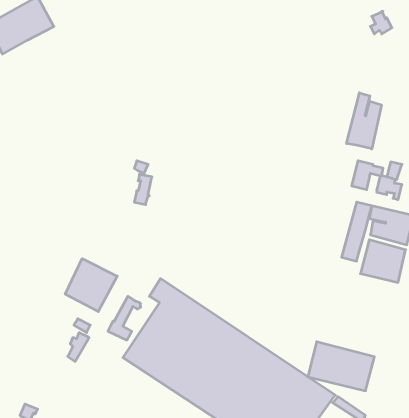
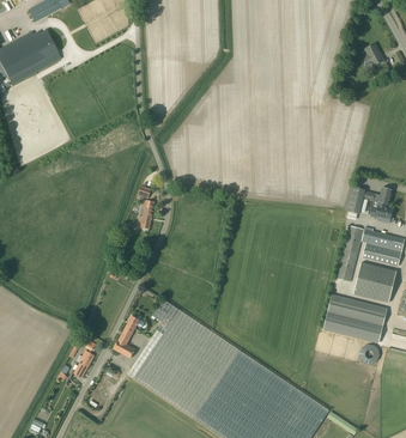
building: [347,93,381,149] -> none
building: [65,259,117,312] -> none
building: [308,342,374,391] -> [323,296,387,342]

